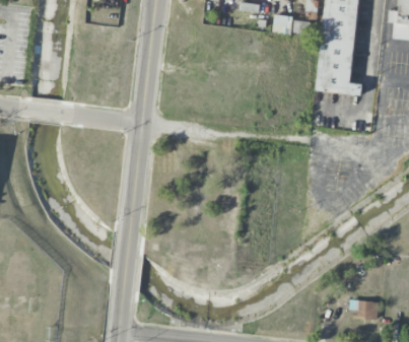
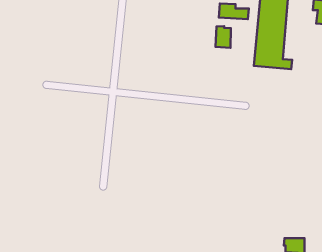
building: none -> [215,26,231,48]

